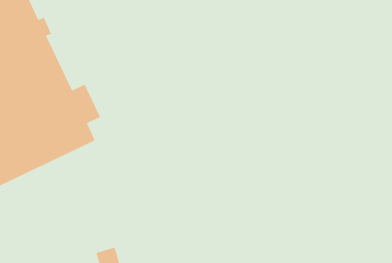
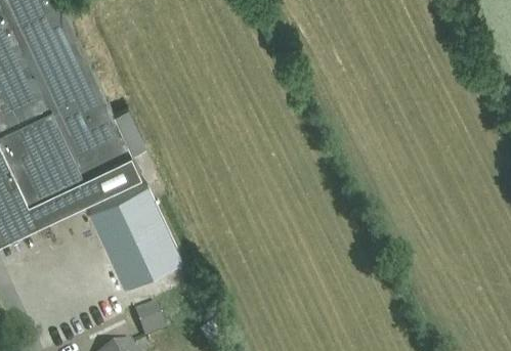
building: none -> [87,185,179,287]

